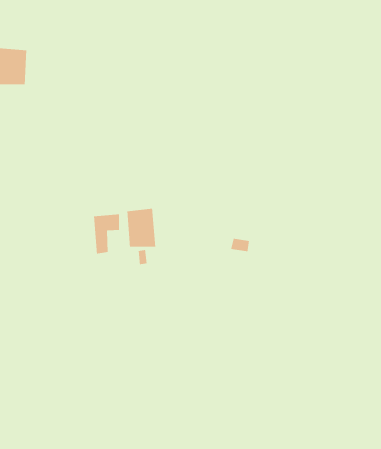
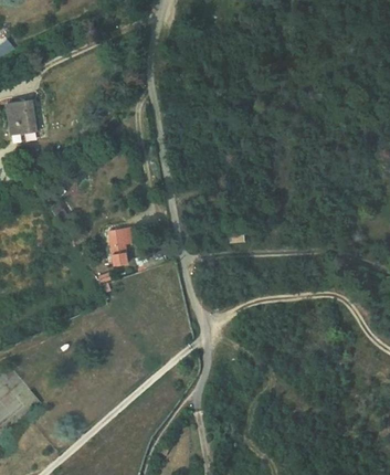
building: [127,208,156,247] -> none

